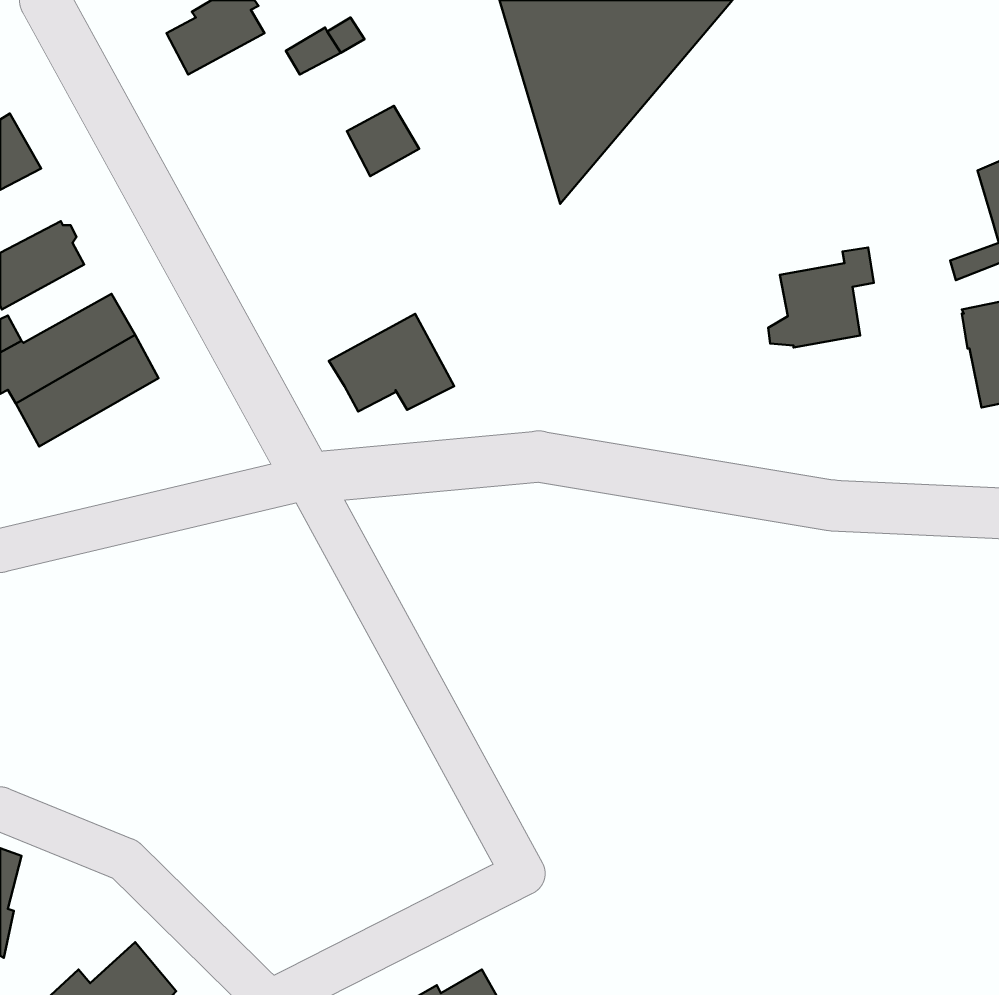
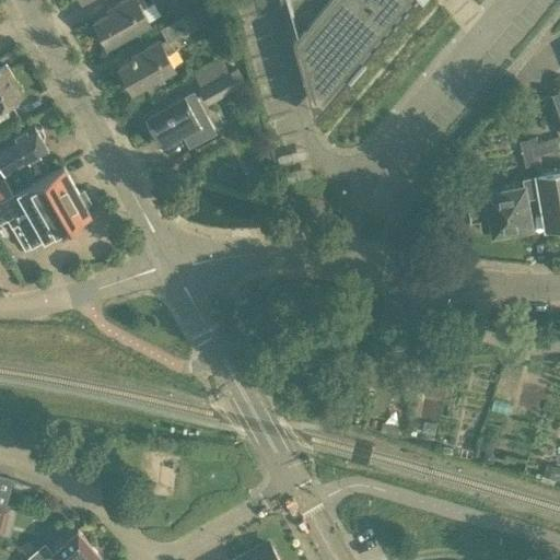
building: none -> [118,43,173,92]
building: [768,248,874,347] -> [482,178,541,234]
building: [329,314,454,412] -> [145,93,215,148]

